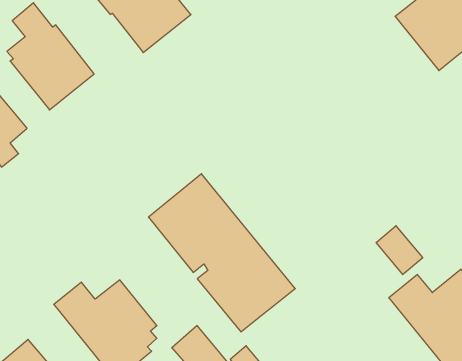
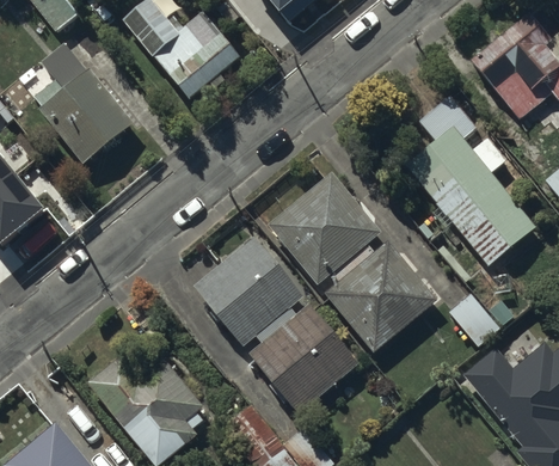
building: none -> [405,96,536,266]
building: none -> [266,172,436,354]

